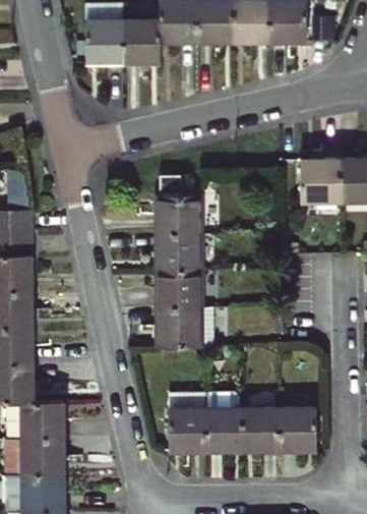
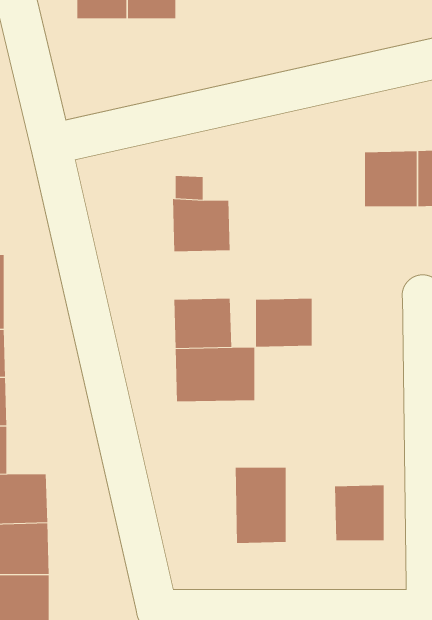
building: [158,234,200,271] -> [255,298,312,347]
building: [167,395,204,453] -> none
building: [242,410,279,452] -> none

